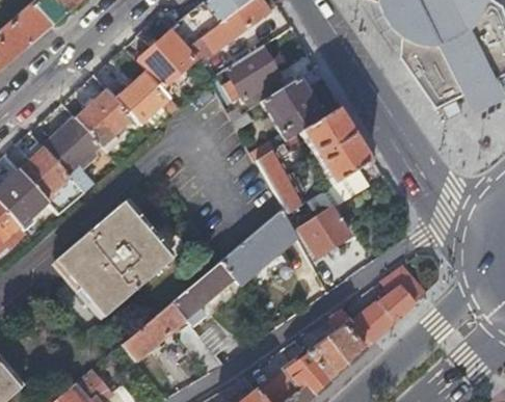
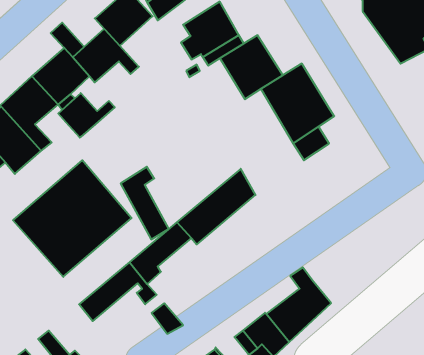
building: none -> [58,93,115,138]
building: [256,141,303,213] -> [121,167,169,239]
building: [297,207,348,256] -> none
building: [351,264,425,342] -> none

